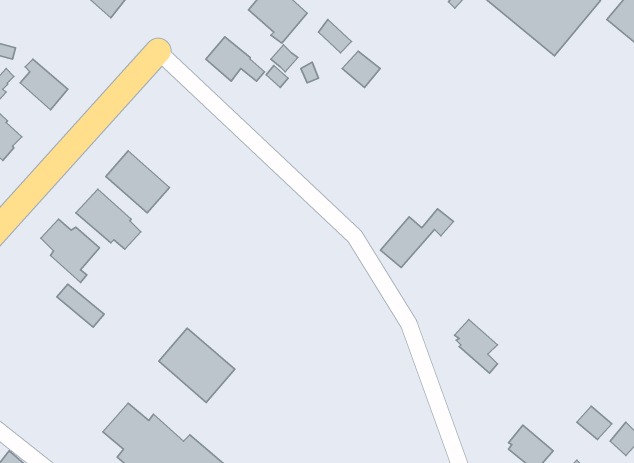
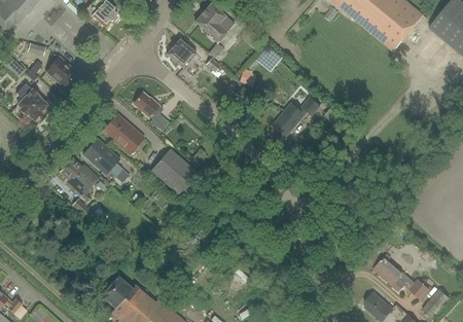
building: none -> [133,92,165,128]
building: [380,209,453,268] -> [274,98,321,136]
building: [455,319,497,373] -> [377,256,404,291]
building: [159,328,235,403] -> [151,148,201,196]

